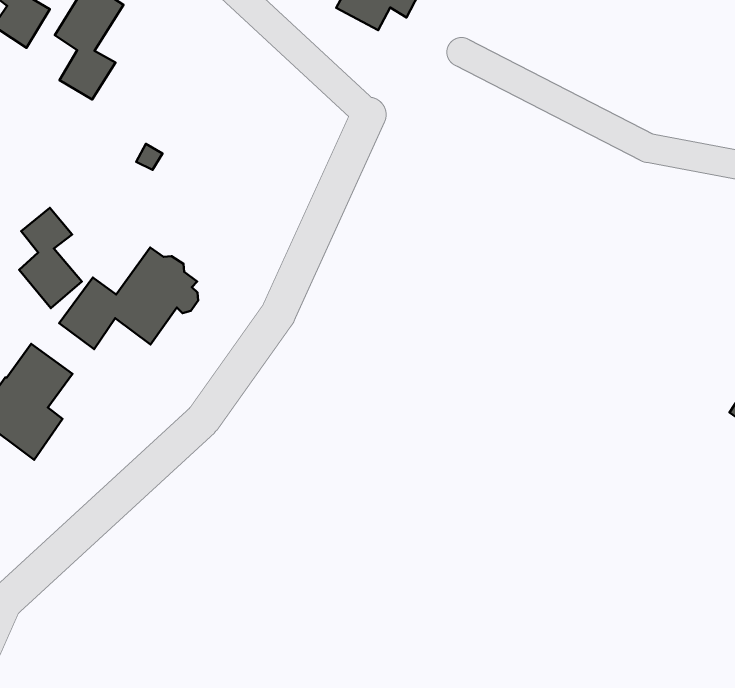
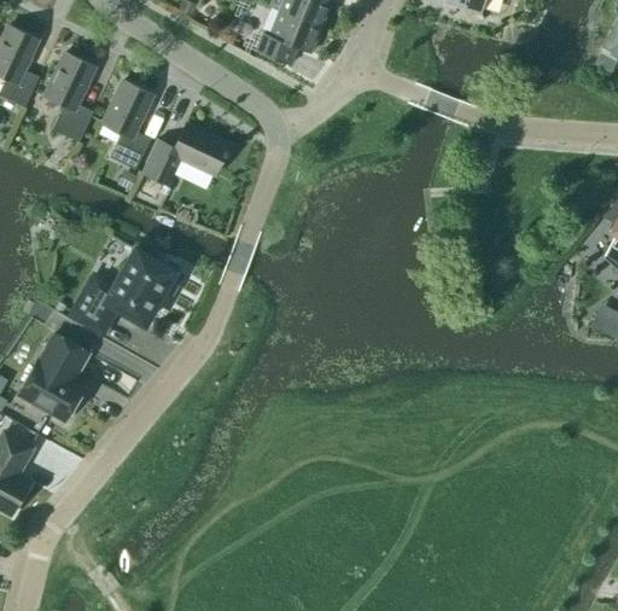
building: none -> [103,80,152,169]
building: none -> [141,124,229,185]
building: [19,208,82,308] -> none

